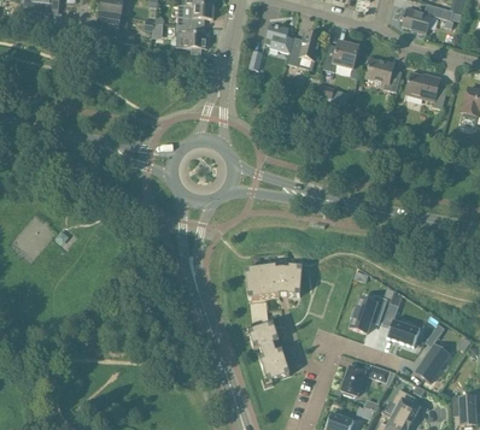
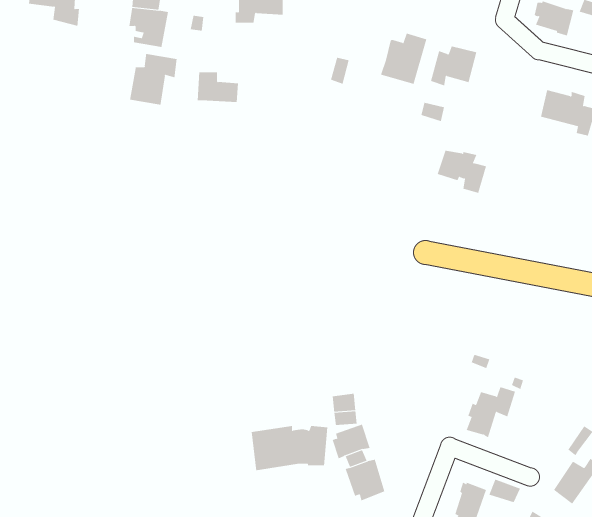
building: [176,24,207,47] -> [197,72,239,103]
building: [264,24,293,52] -> none
building: none -> [129,53,177,105]
building: [364,59,402,92] -> [437,150,487,194]
building: [245,265,303,299] -> [251,425,328,471]
building: [382,302,420,347] -> none

